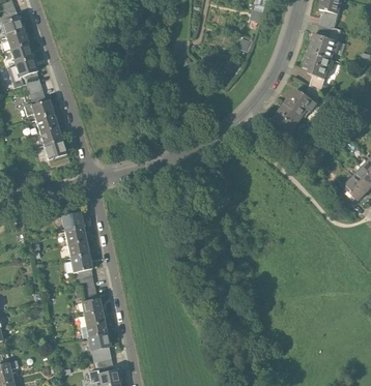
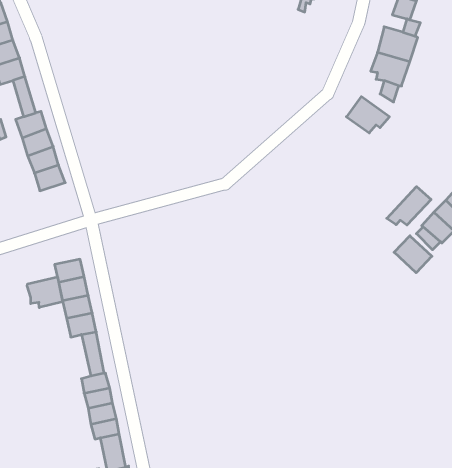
building: [272,100,302,130] -> none
building: none -> [387,187,431,225]
building: none -> [394,236,432,273]
building: none -> [27,277,63,308]

